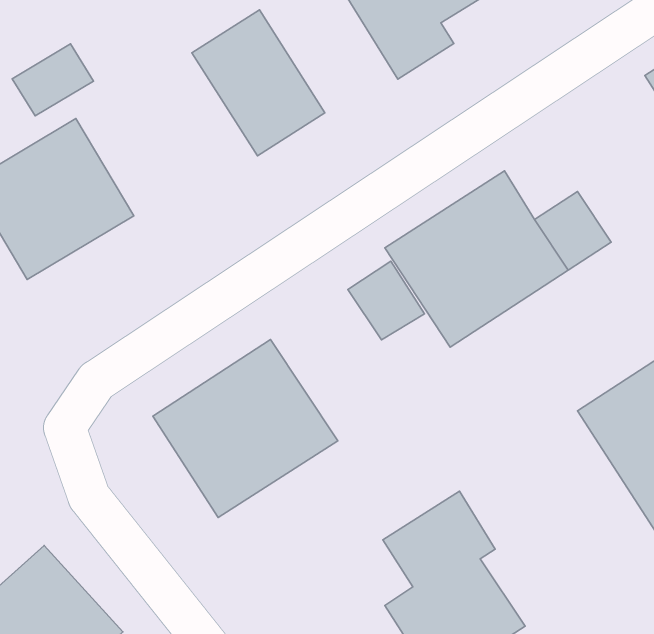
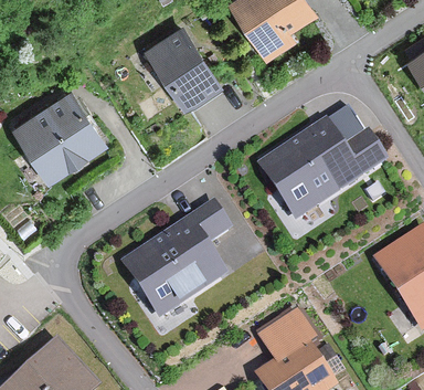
building: [12,44,93,116] -> none
building: [348,261,424,340] -> [189,198,234,244]

